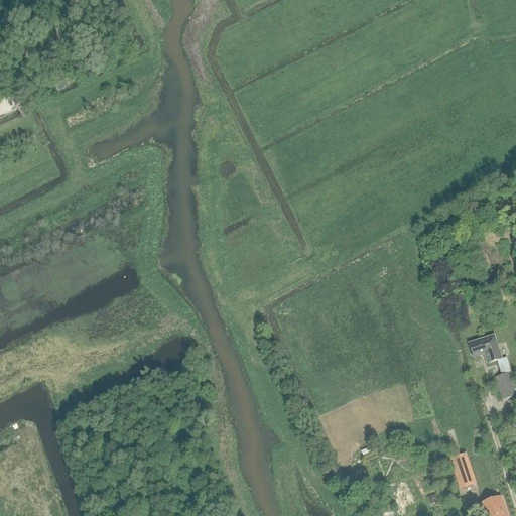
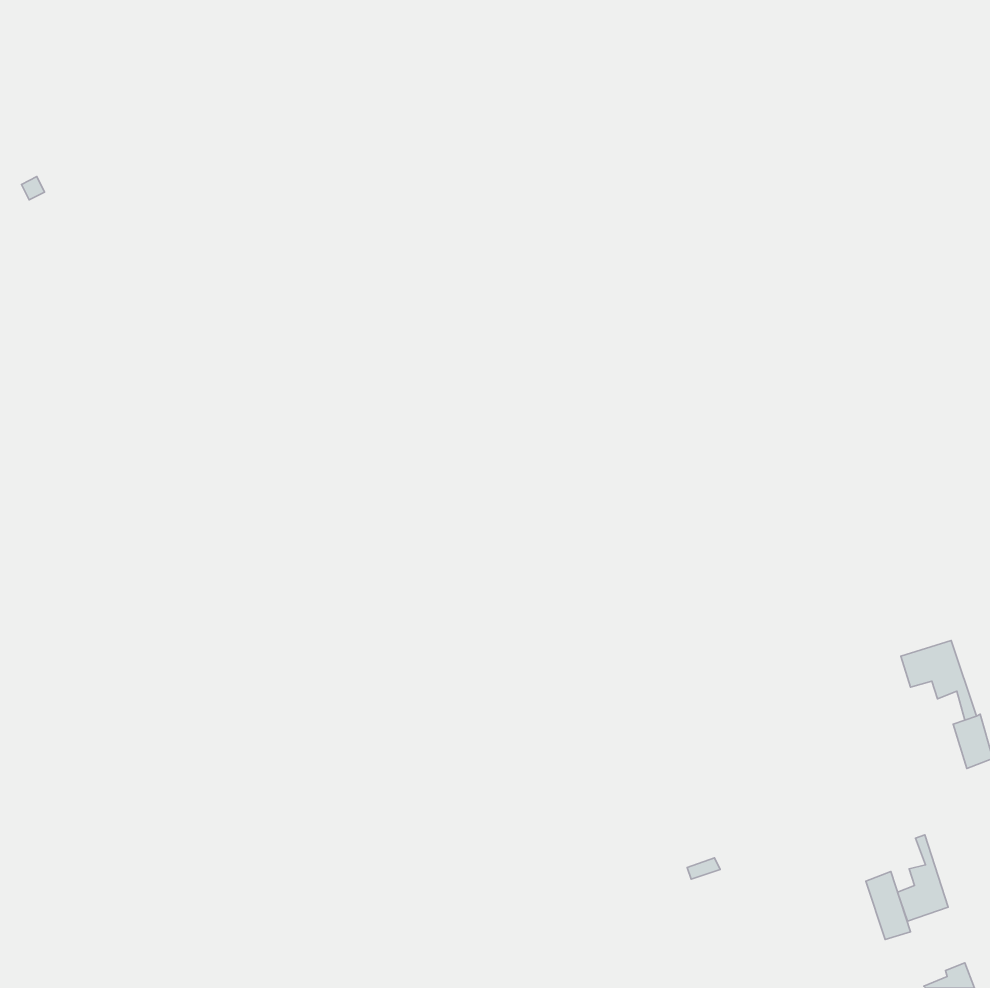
building: none -> [898,835,948,921]

